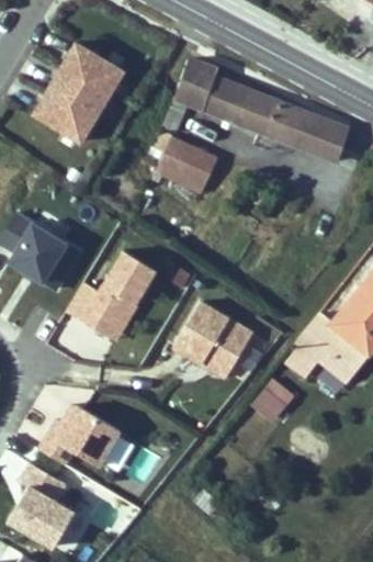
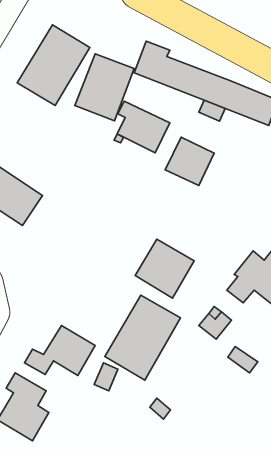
building: none -> [75,54,134,121]
building: none -> [165,137,214,185]
building: [47,258,155,352] -> none
building: none -> [105,295,181,380]

